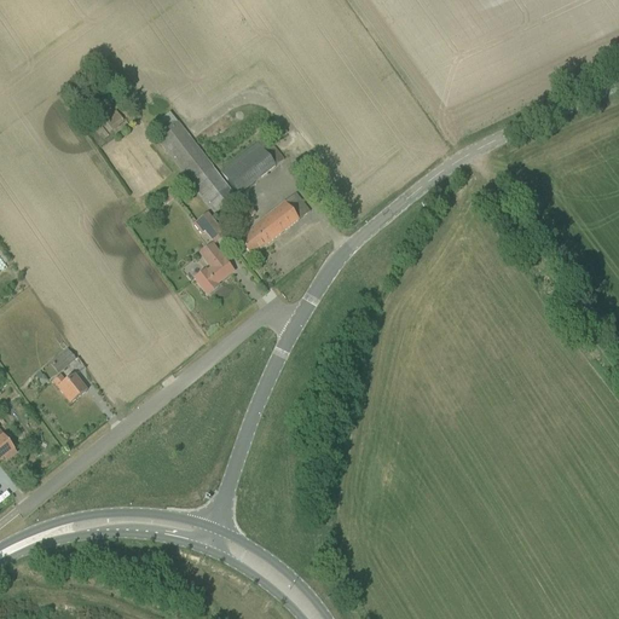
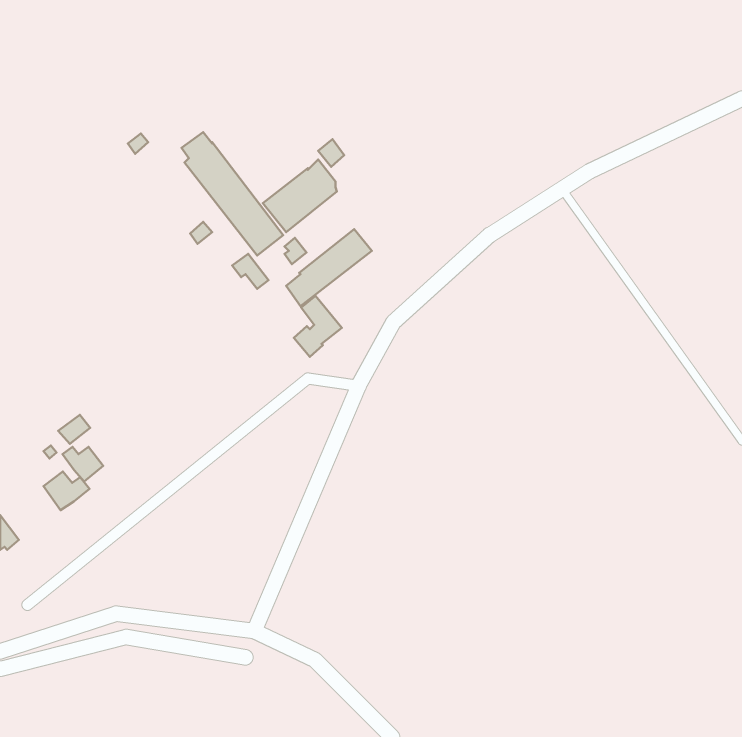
building: [193,242,233,293] -> [294,296,342,357]
building: none -> [43,471,89,510]

